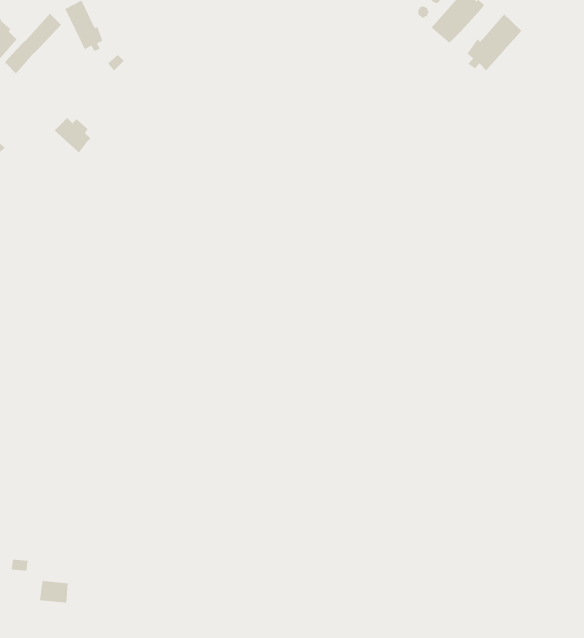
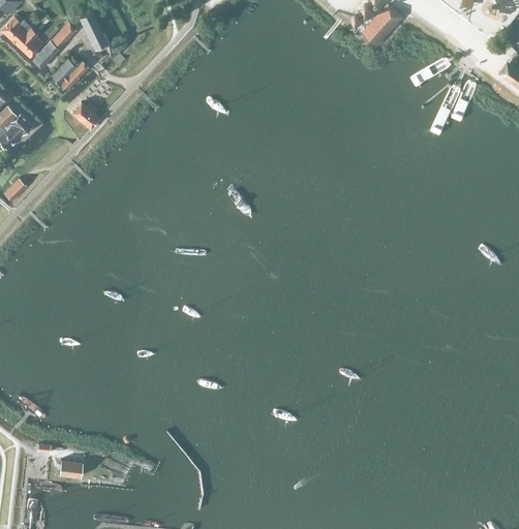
building: [467,14,522,71] -> none
building: none -> [50,57,89,91]

